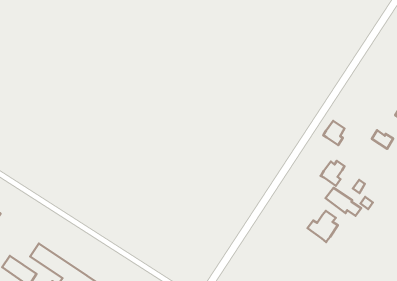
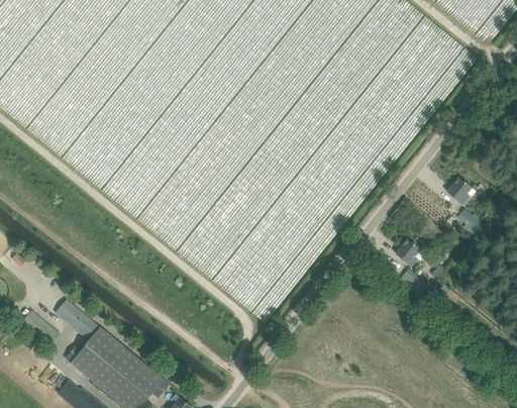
building: [323,121,345,145] -> [446,177,472,205]
building: [308,211,338,242] -> none

